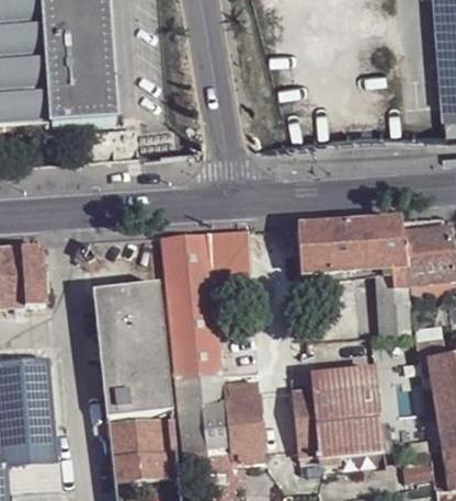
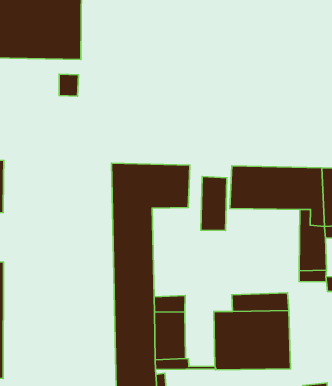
building: none -> [201,176,227,231]
building: [93,283,173,417] -> none
building: [109,417,176,477] -> none

